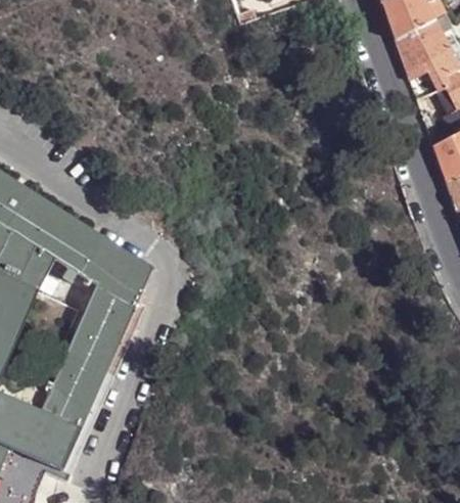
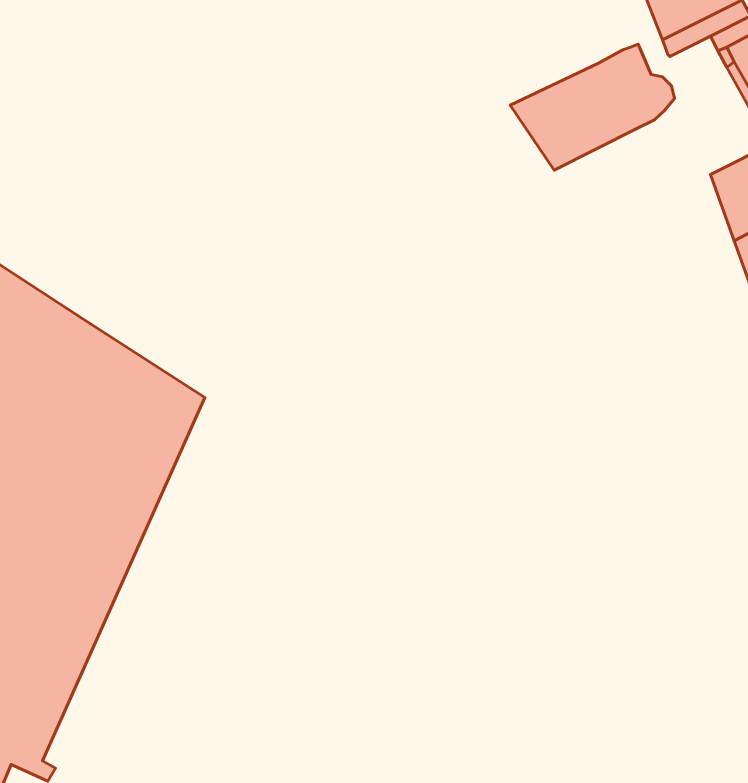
building: none -> [510,44,675,170]

